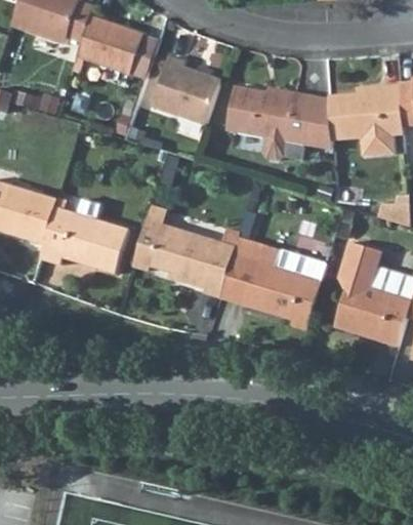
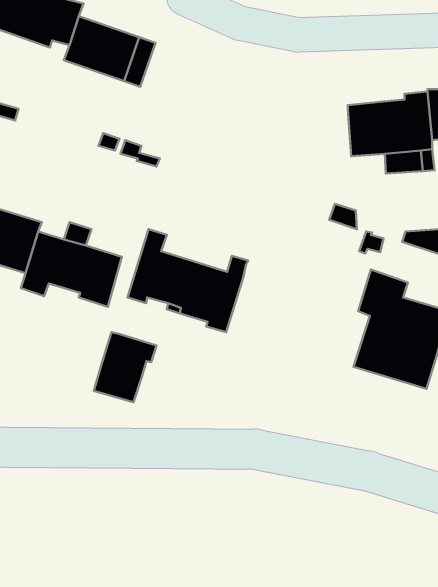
building: [151,55,220,125] -> none
building: [226,86,332,160] -> none
building: [220,237,326,330] -> none
building: none -> [94,332,156,402]

